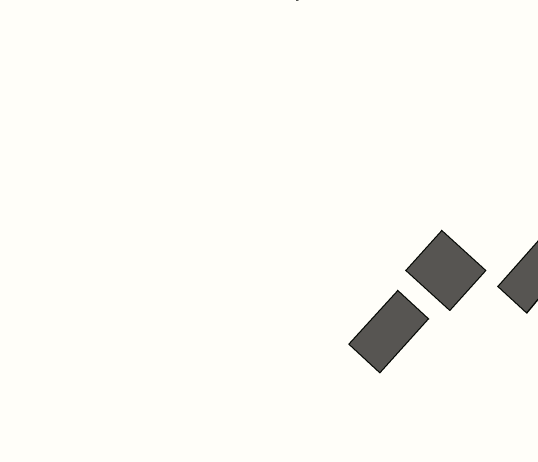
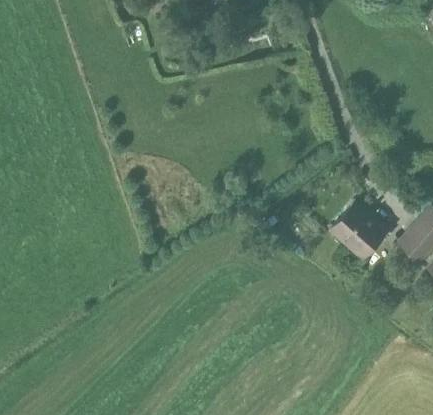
building: [349,290,429,373] -> none

